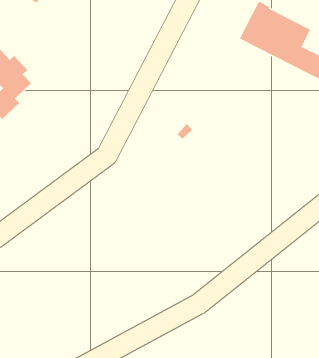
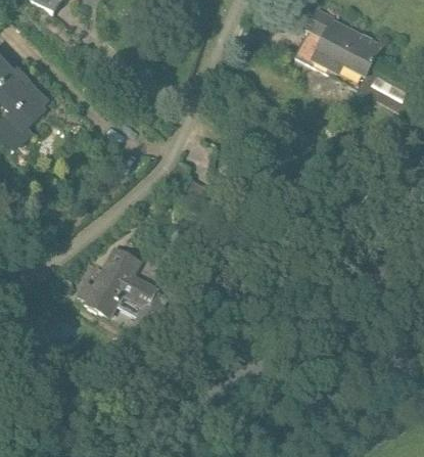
building: none -> [77,245,168,338]

